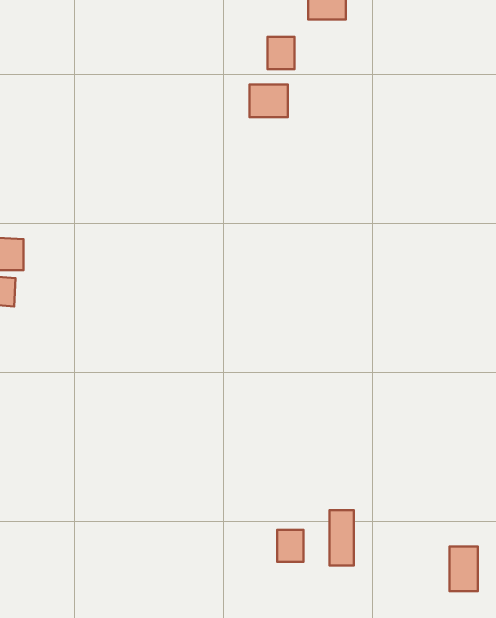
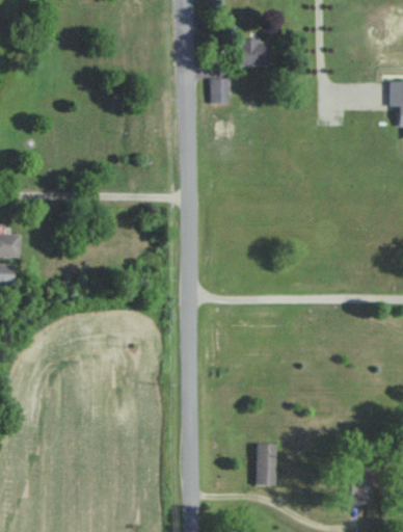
building: [250,85,288,117] -> none
building: [277,530,303,562] -> none

